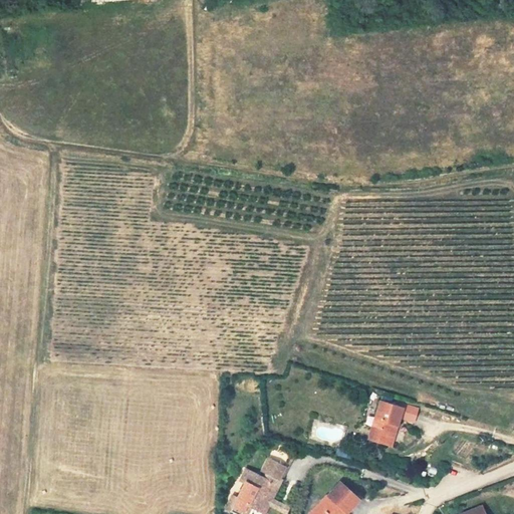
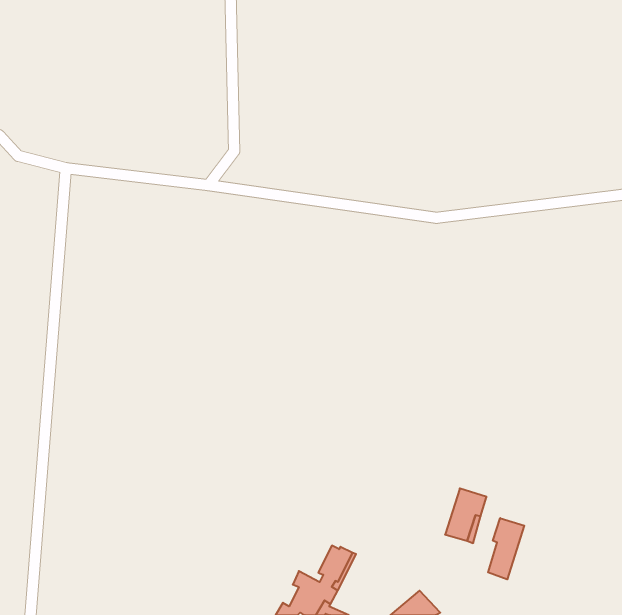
building: none -> [488,518,524,579]

